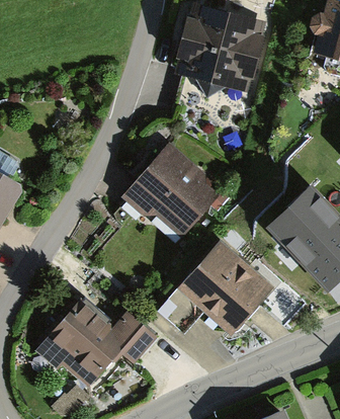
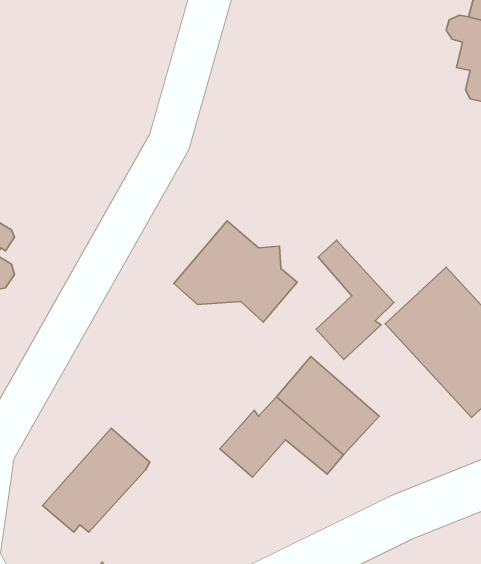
building: [183,10,257,84] -> none
building: none -> [316,240,394,360]
building: [69,313,154,384] -> none

